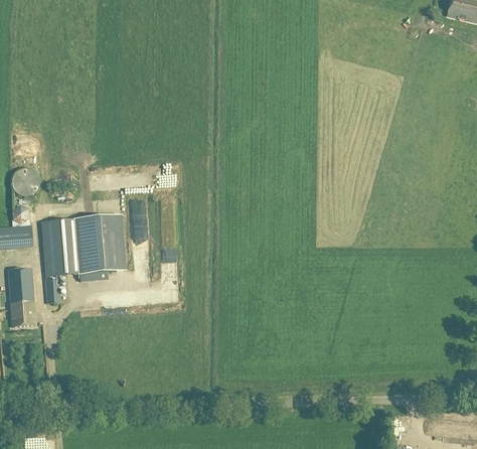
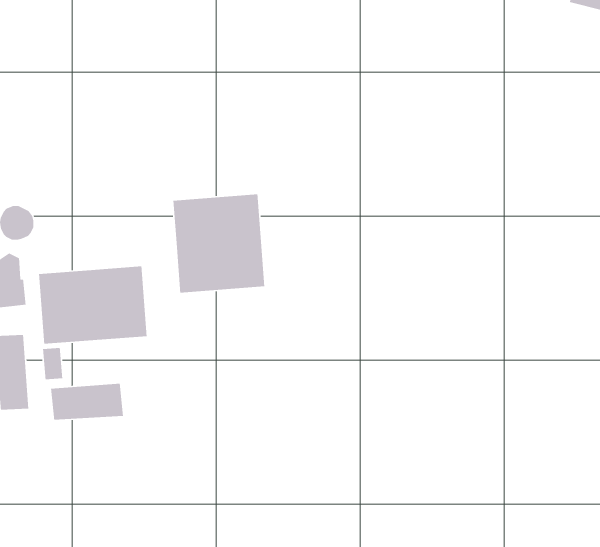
building: none -> [172,193,265,293]
building: none -> [50,383,124,420]

